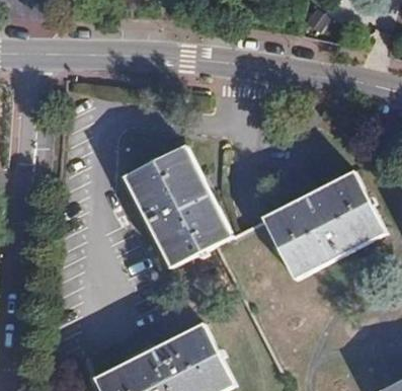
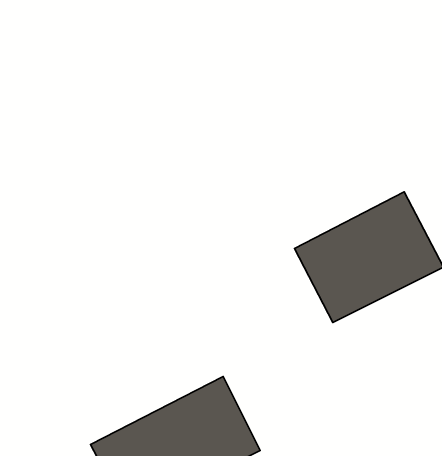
building: [125,146,233,268] -> none

